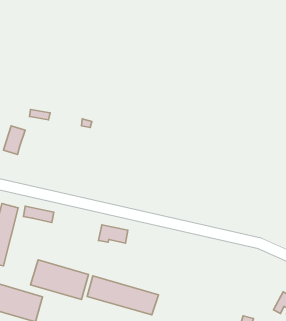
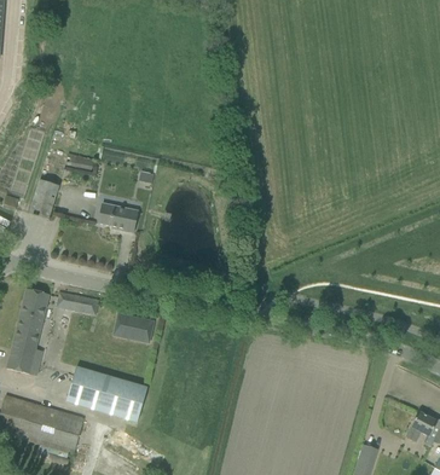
building: none -> [99,203,138,232]
building: [99,225,128,243] -> [112,313,154,338]
building: [87,276,159,315] -> none

